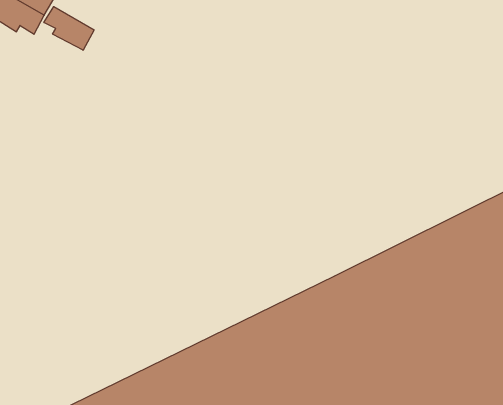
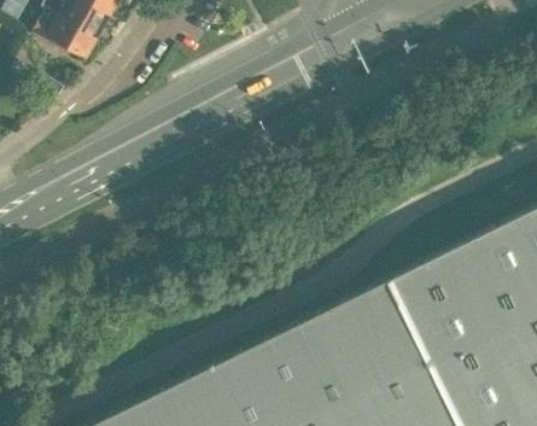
building: [44,7,94,50] -> none

